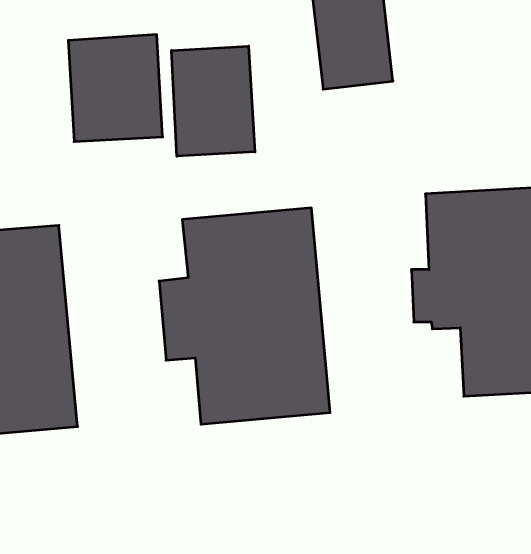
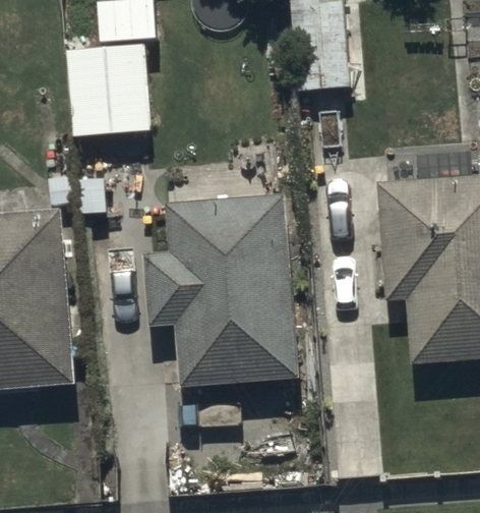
building: [172,46,255,156] -> none

